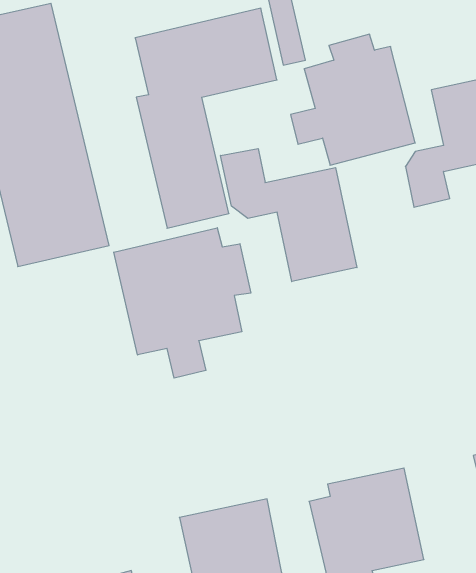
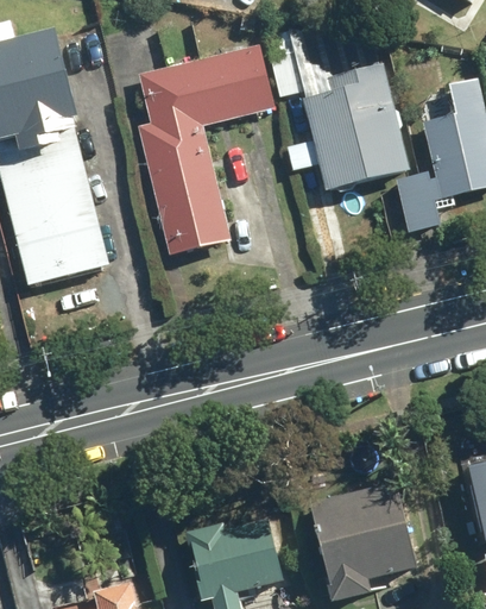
building: [221,149,357,282] -> none
building: [114,228,251,378] -> none

